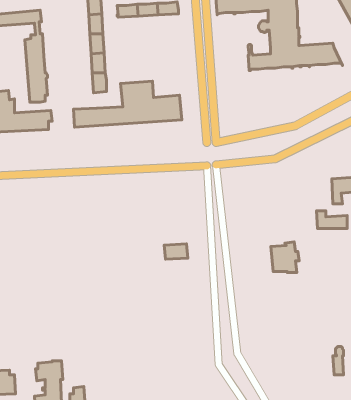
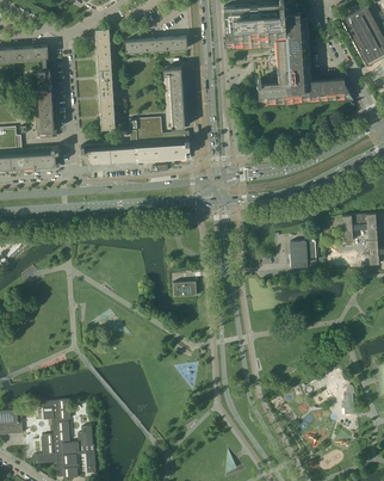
building: none -> [163,67,185,130]
building: [271,242,299,273] -> [290,238,318,269]

